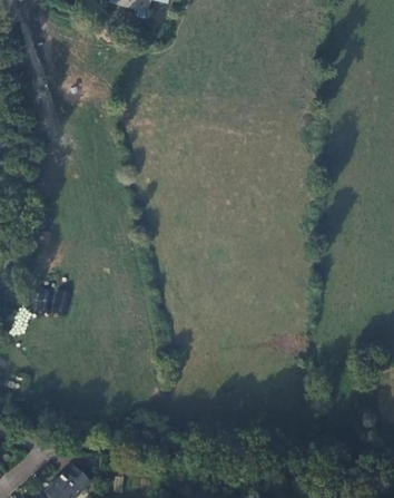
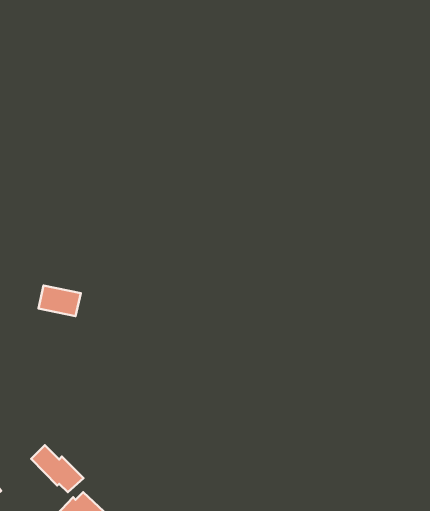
building: none -> [31,445,83,492]

